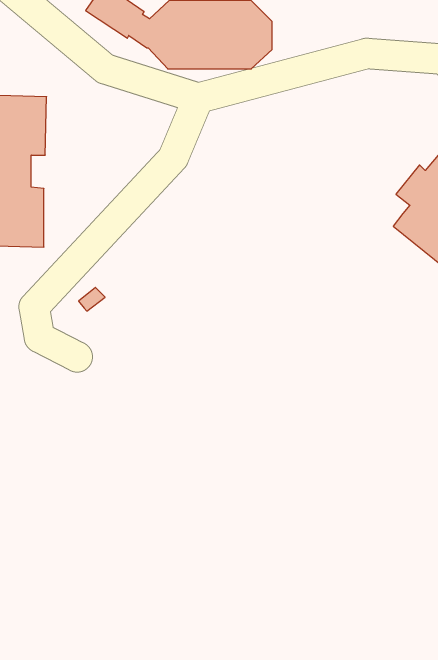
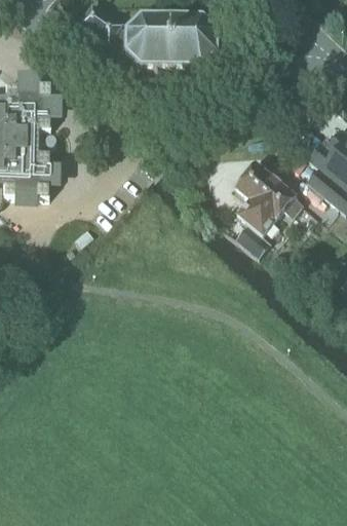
building: none -> [233,162,302,257]

